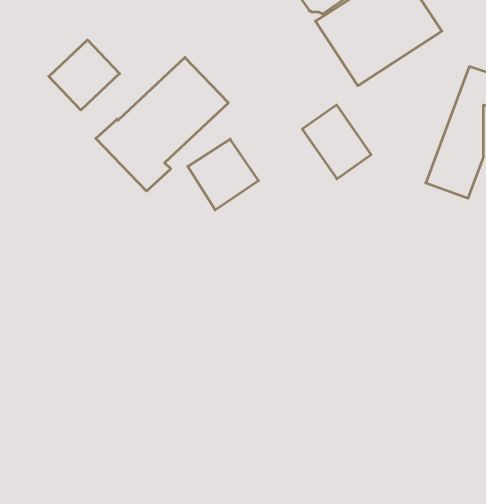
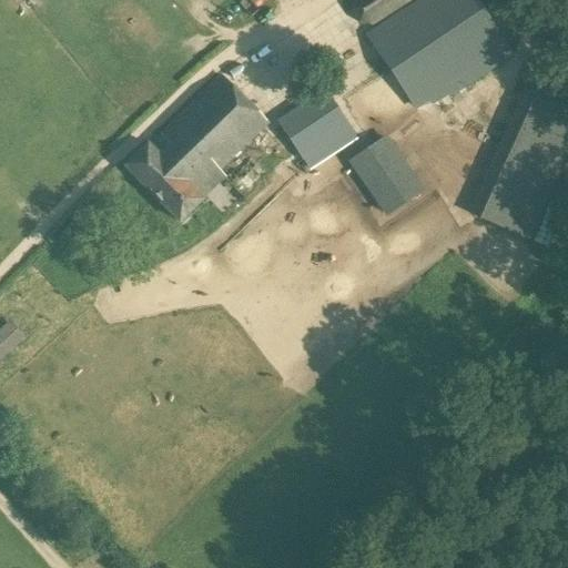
building: [49,40,120,110] -> none
building: [188,139,259,210] -> [282,94,359,172]

